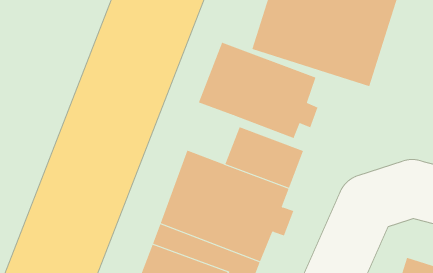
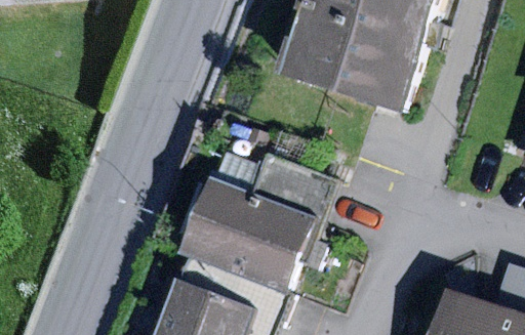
building: [198,42,318,139] -> none

